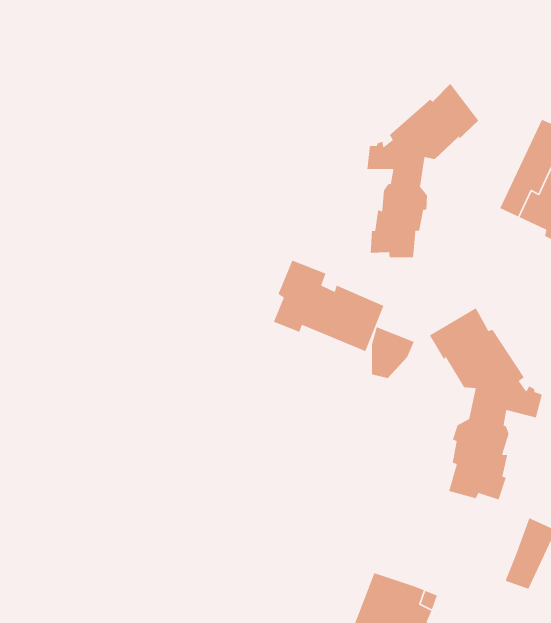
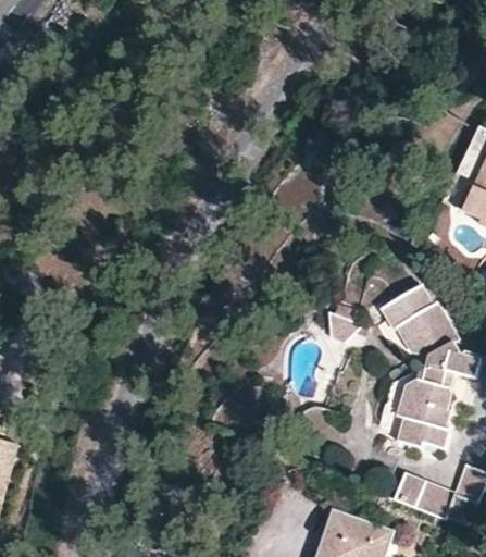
building: [366,83,479,258] -> none
building: [273,259,385,352] -> none
building: none -> [395,473,456,520]

